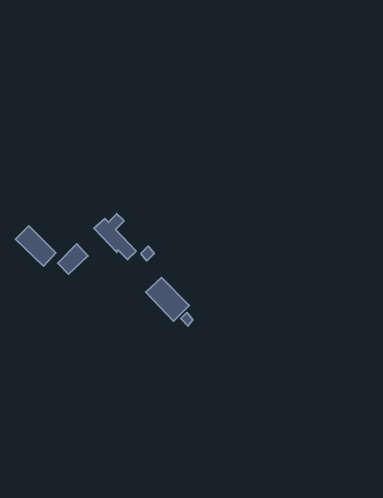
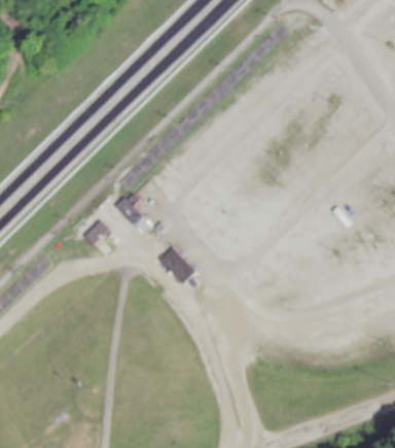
building: [16,226,56,266] -> none

